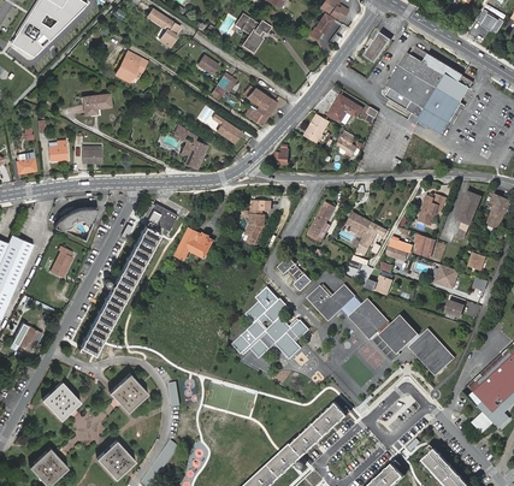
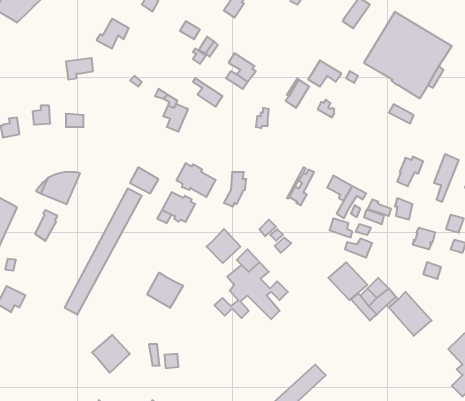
building: none -> [177,163,216,197]
building: none -> [206,229,240,263]
building: [307,285,354,320] -> none
building: none -> [147,273,183,308]
building: [41,380,79,417] -> none

